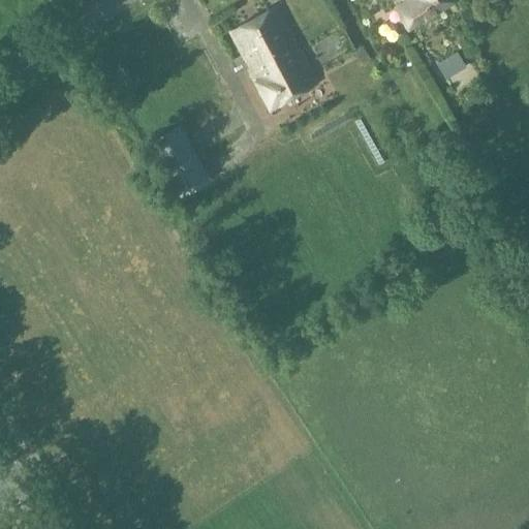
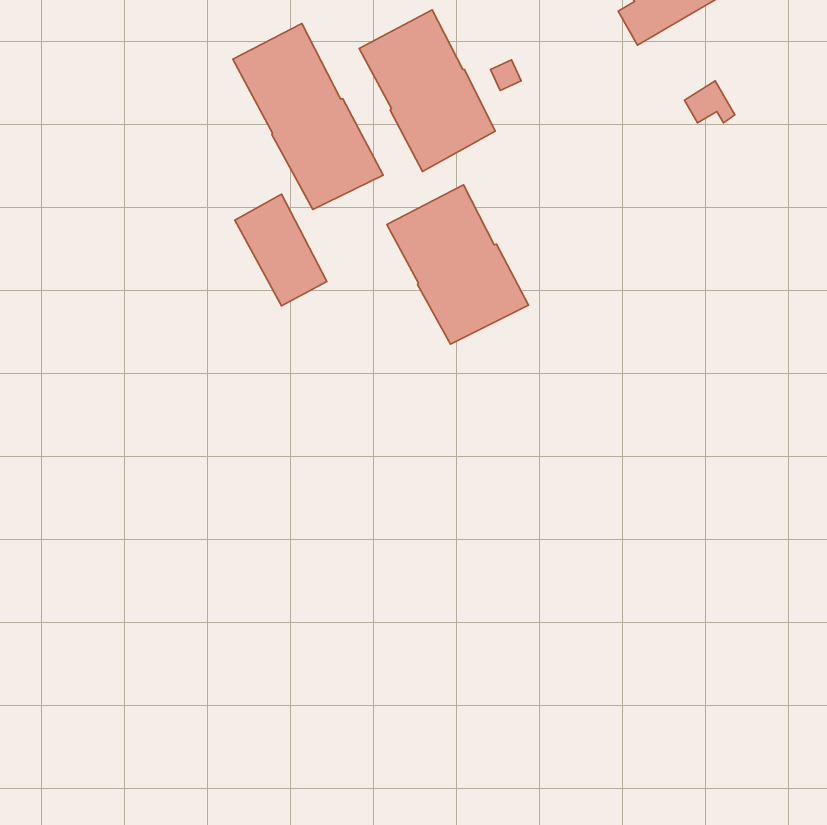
building: none -> [233,24,383,210]
building: none -> [387,185,528,344]

